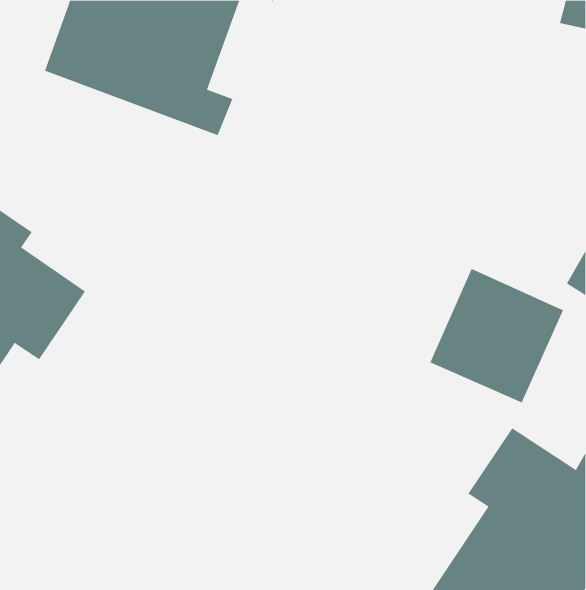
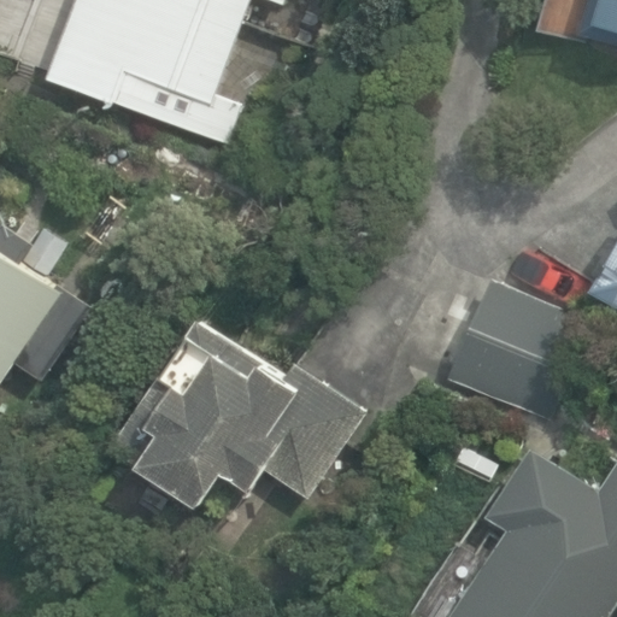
building: none -> [111,316,366,507]

